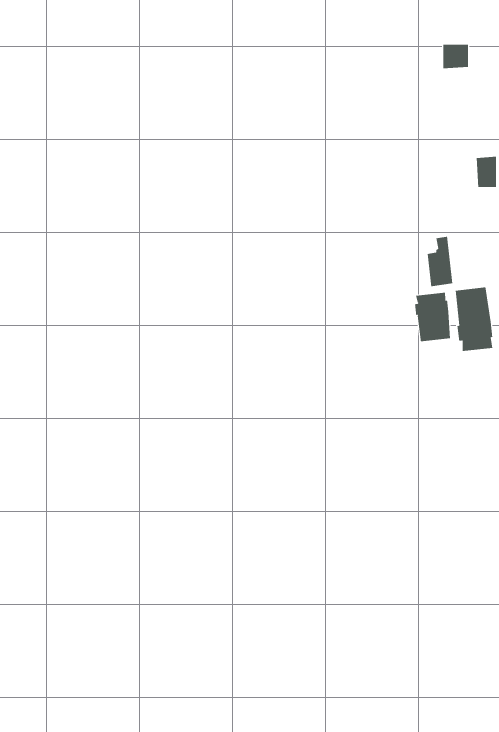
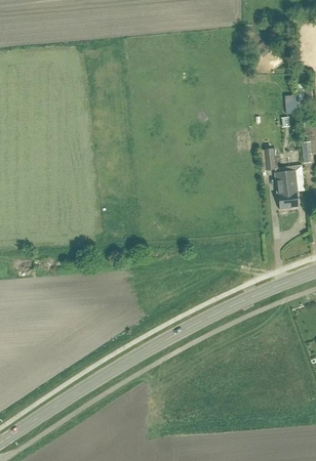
building: [414,292,451,342] -> none

